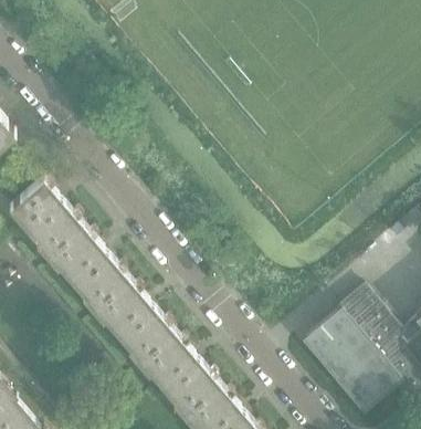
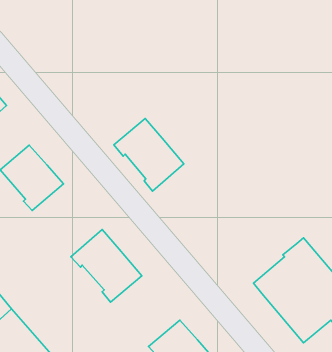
building: [46,229,128,314] -> [114,118,184,191]
building: [138,336,219,419] -> none

